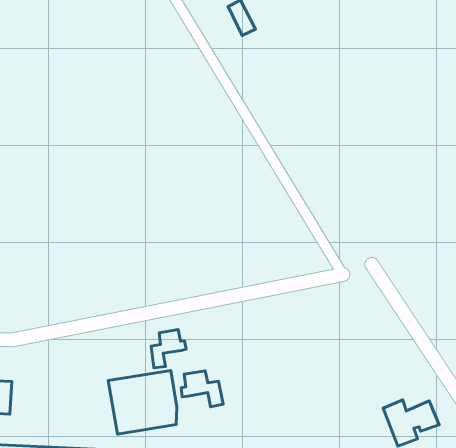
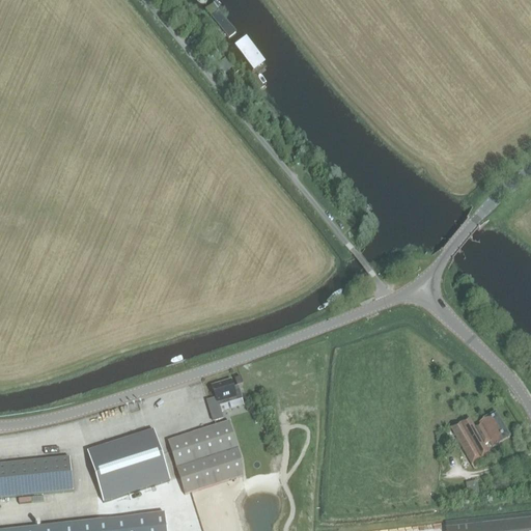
building: none -> [87,428,169,500]
building: [181,371,223,407] -> none

